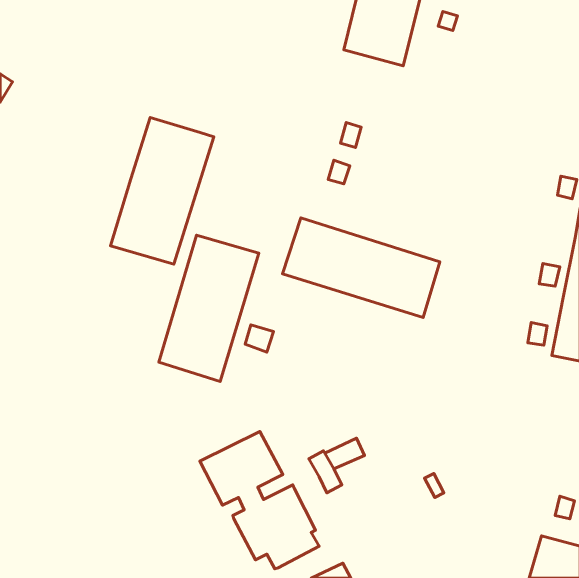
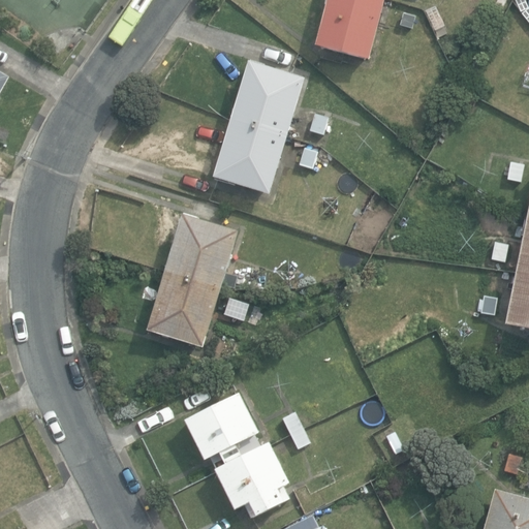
building: [110,118,214,264] -> [211,61,305,194]
building: [283,218,440,318] -> none

